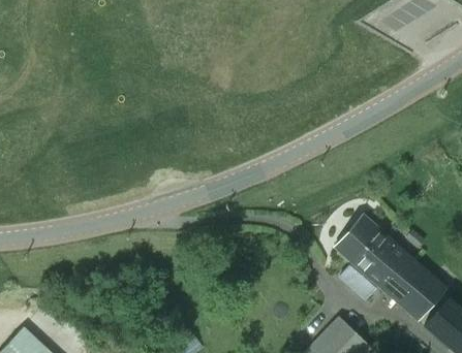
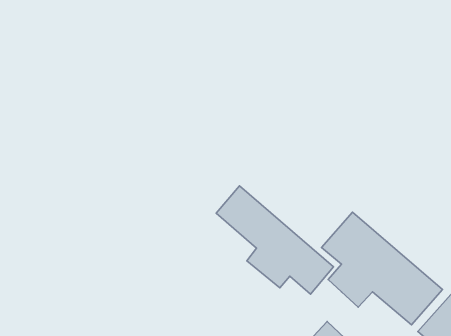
building: none -> [216,186,334,294]

